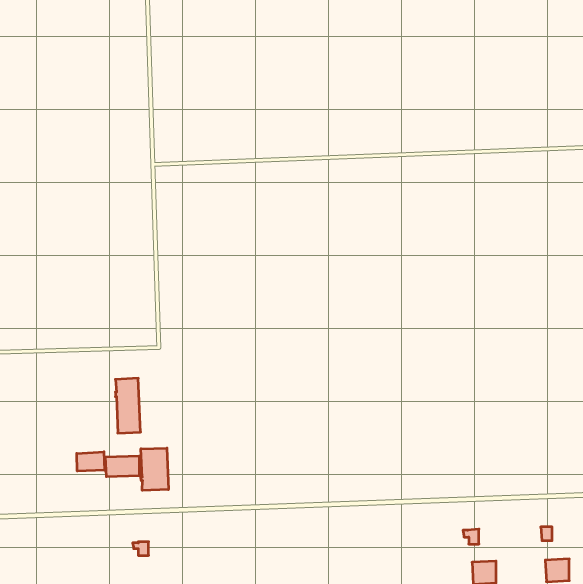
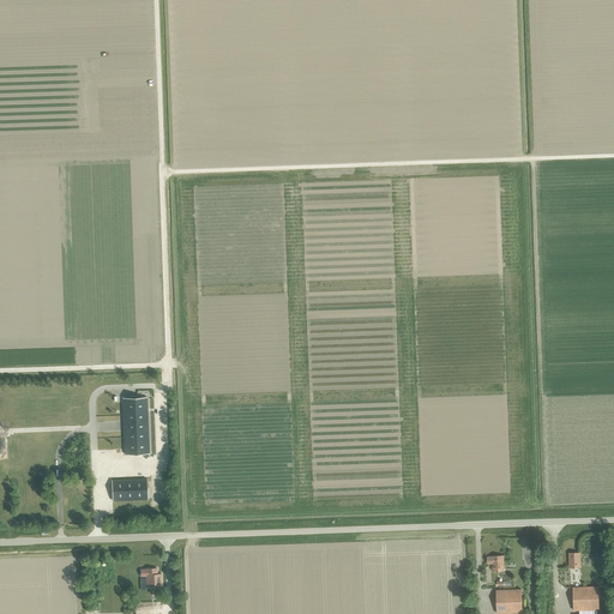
building: [141,448,168,490] -> none
building: [77,452,105,471] -> none

